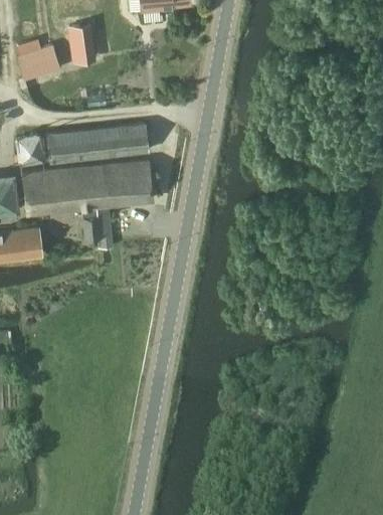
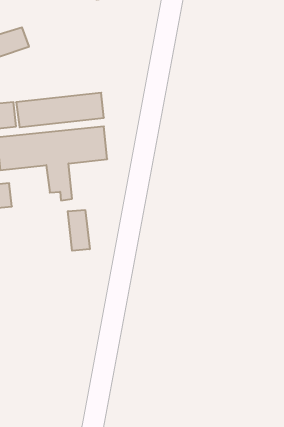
building: [67,25,94,63] -> none
building: none -> [68,210,90,251]

